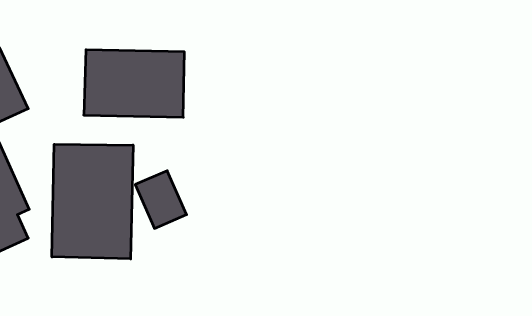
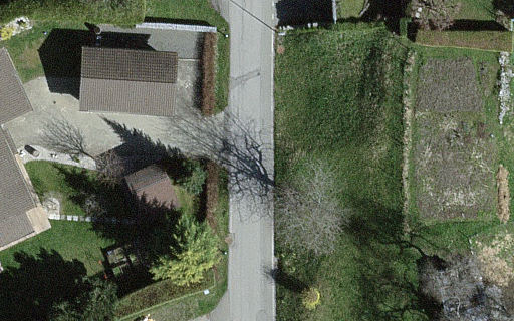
building: [52,144,133,259] -> none

